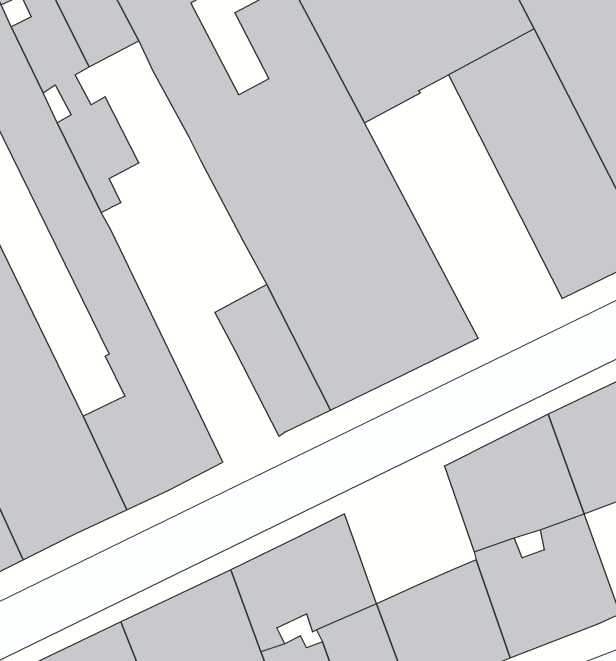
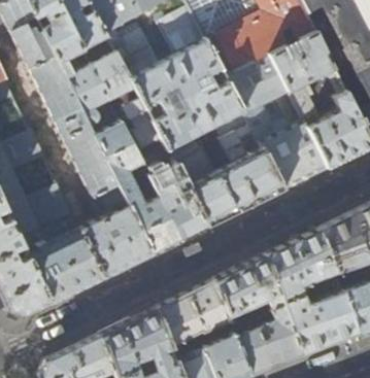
building: none -> [92,53,135,100]
building: none -> [226,55,328,191]
building: none -> [124,99,163,151]
building: none -> [95,123,181,254]
building: none -> [215,256,283,328]

